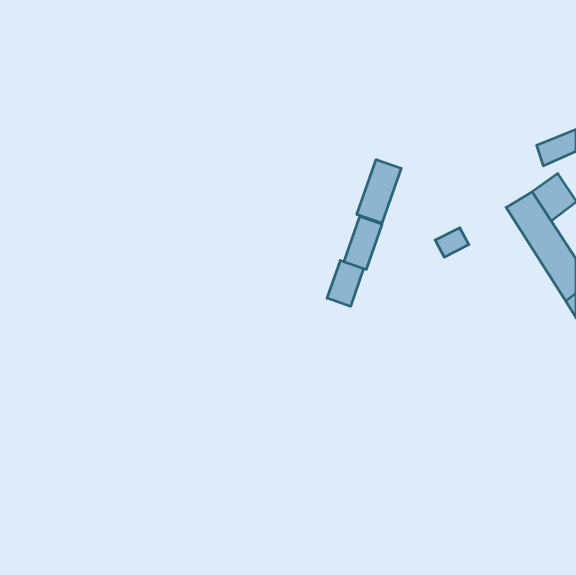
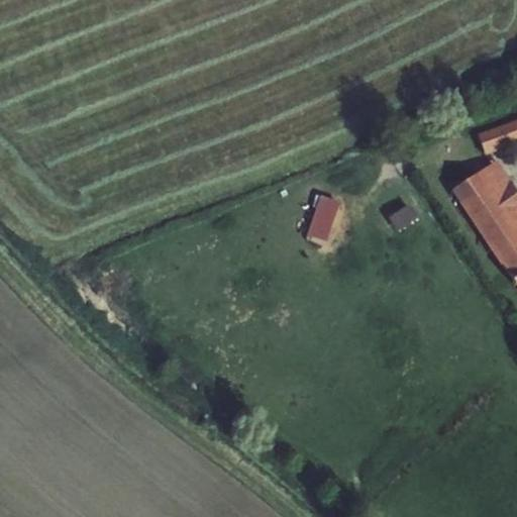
building: [357,160,401,223] -> none
building: [327,260,364,306] -> none

